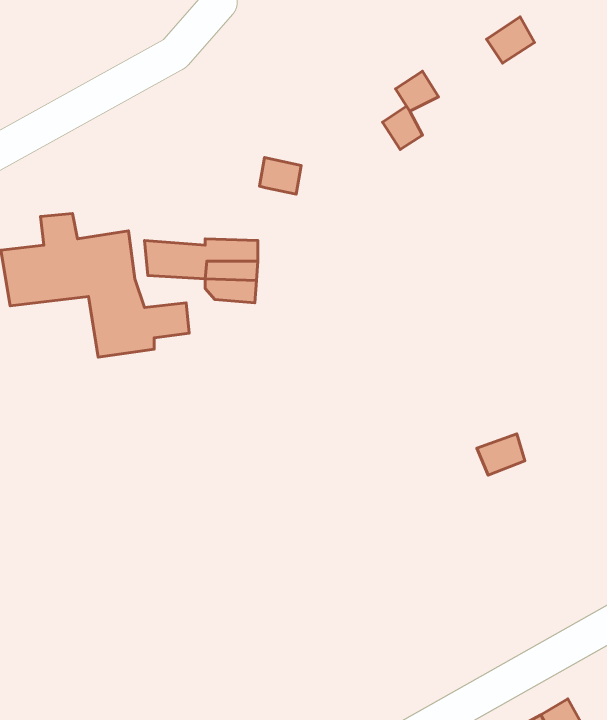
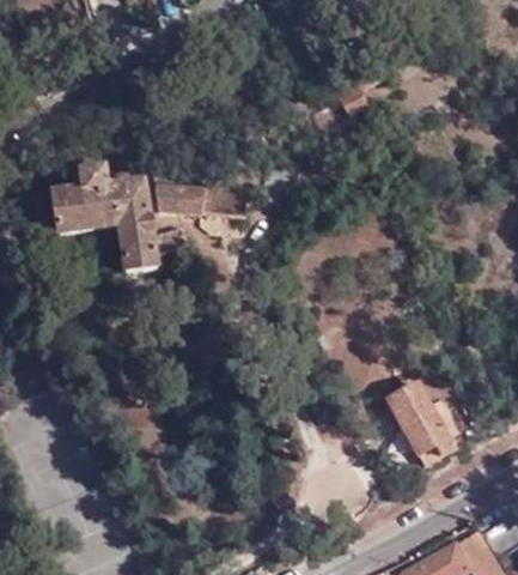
building: none -> [395,385,473,467]

